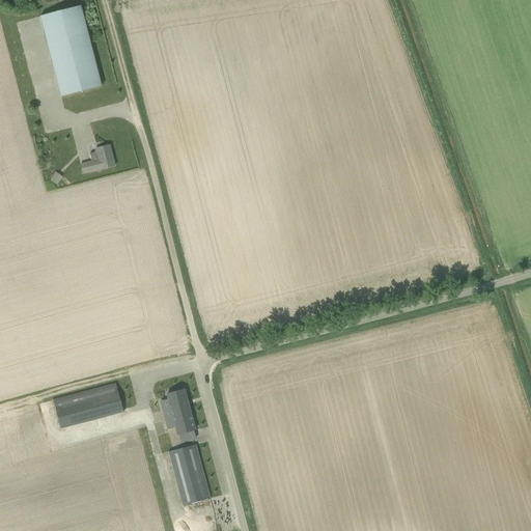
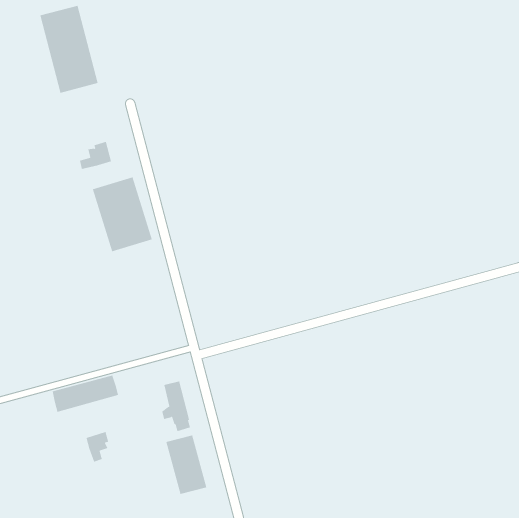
building: none -> [92,176,152,252]
building: none -> [86,431,109,463]

